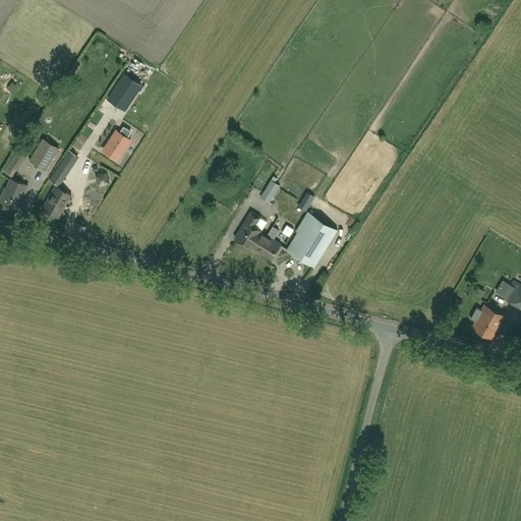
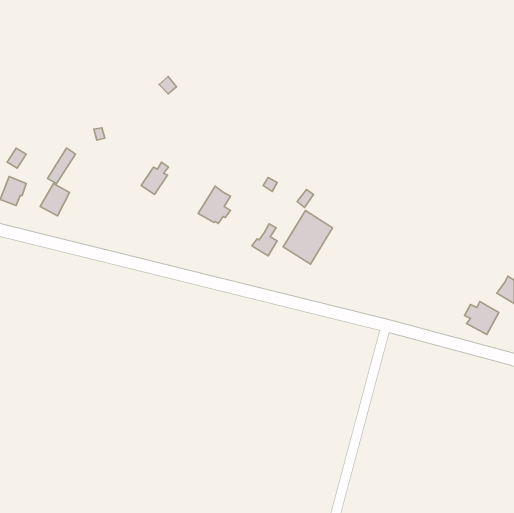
building: [107,75,140,112] -> none
building: [103,128,130,161] -> [141,162,168,194]
building: [28,139,58,172] -> none
building: [234,213,267,250] -> [198,186,230,224]

